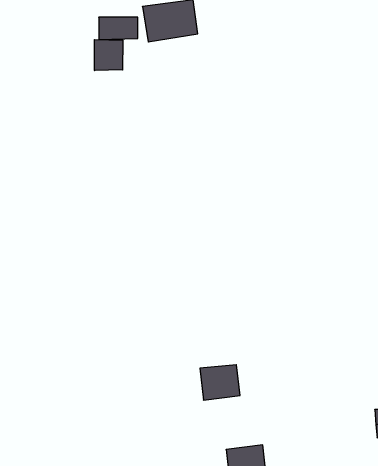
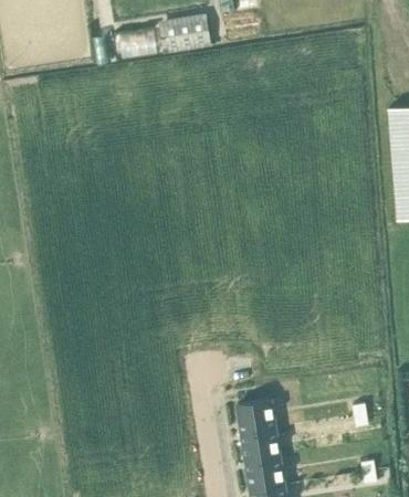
building: [95,40,123,71] -> none
building: [200,365,240,400] -> [234,405,272,438]

